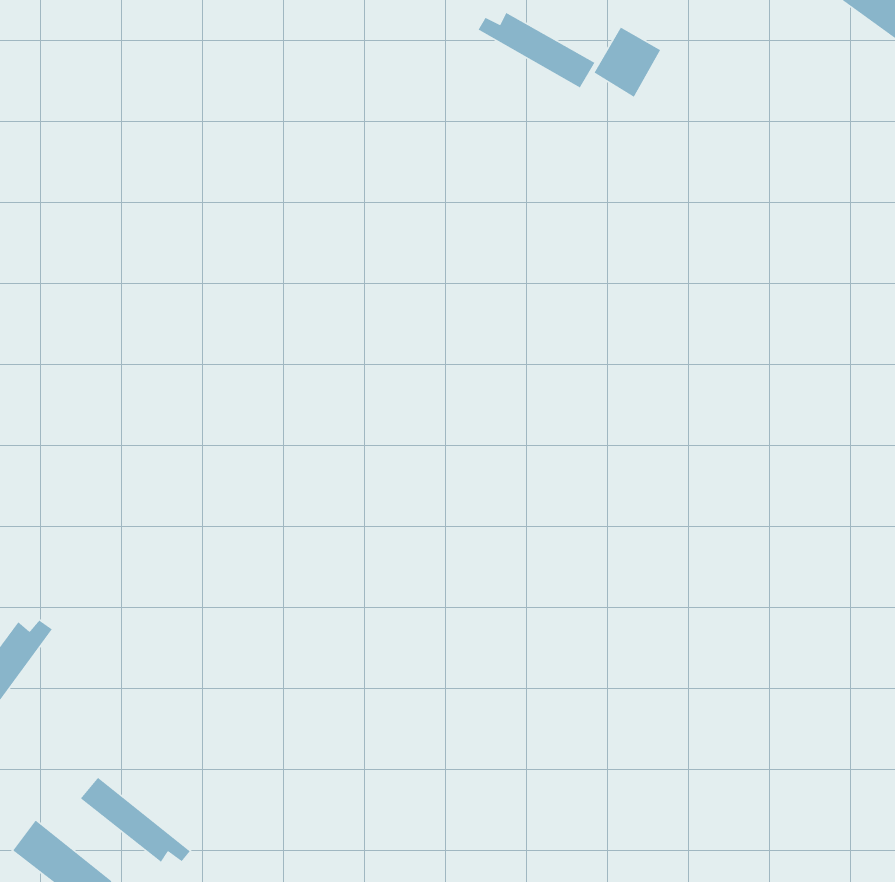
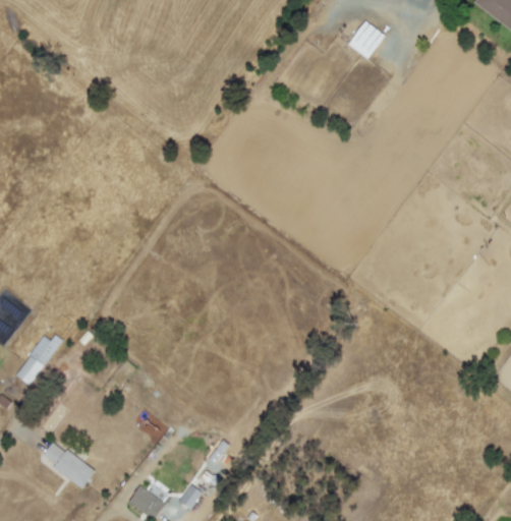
building: [477,12,596,88] -> none
building: [80,777,191,863] -> none

